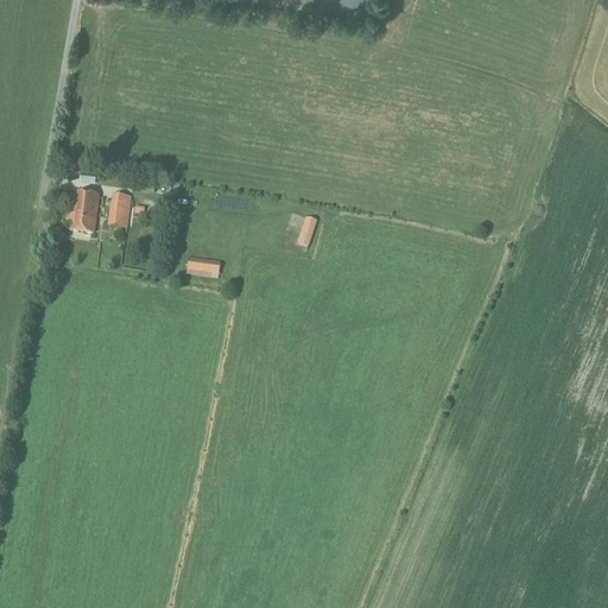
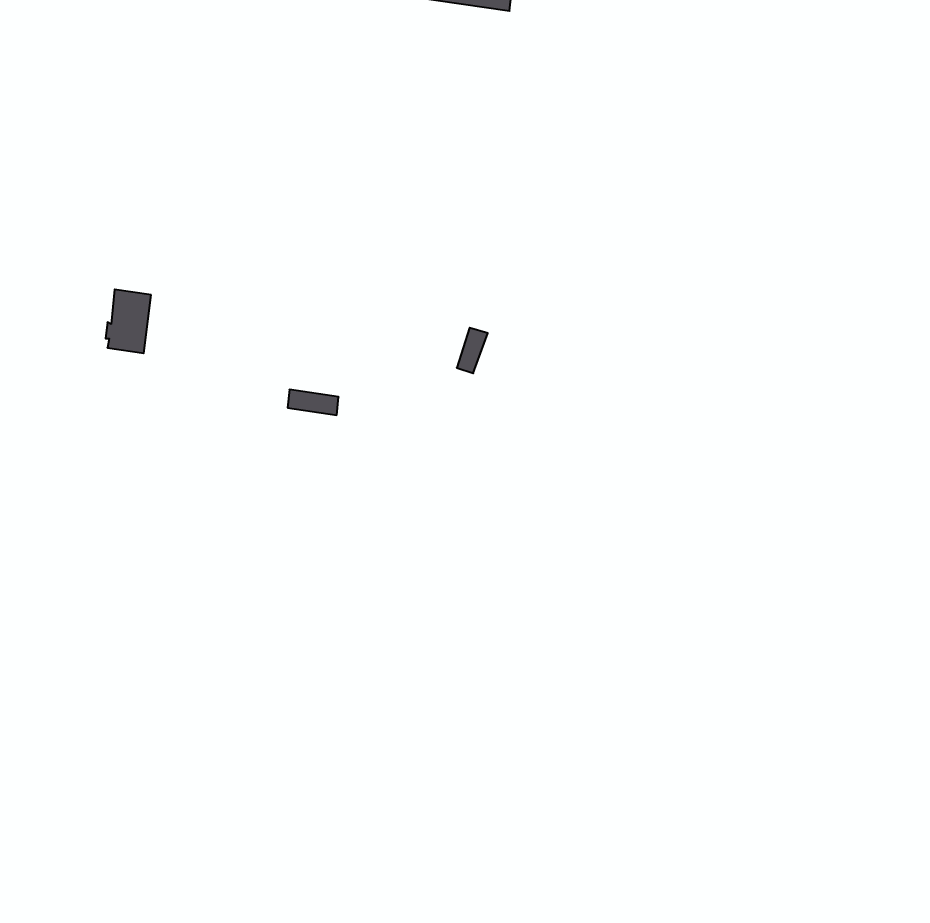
building: [109,192,131,223] -> none

